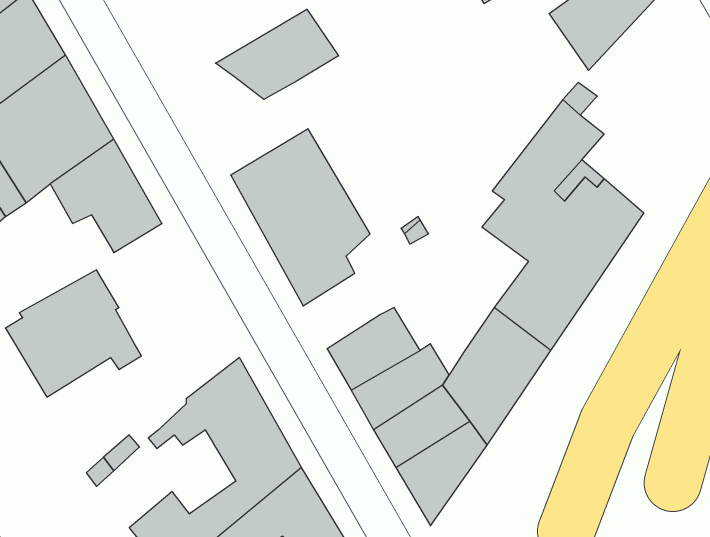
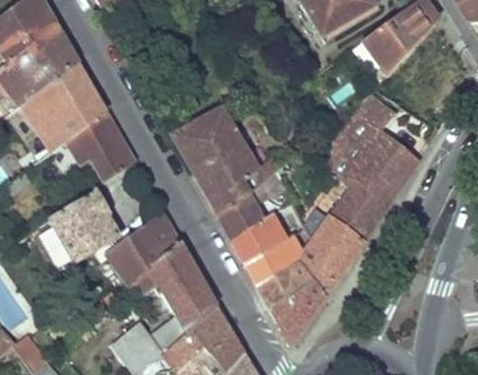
building: [215,9,339,100] -> none
building: none -> [218,180,271,238]
building: none -> [109,213,180,286]

